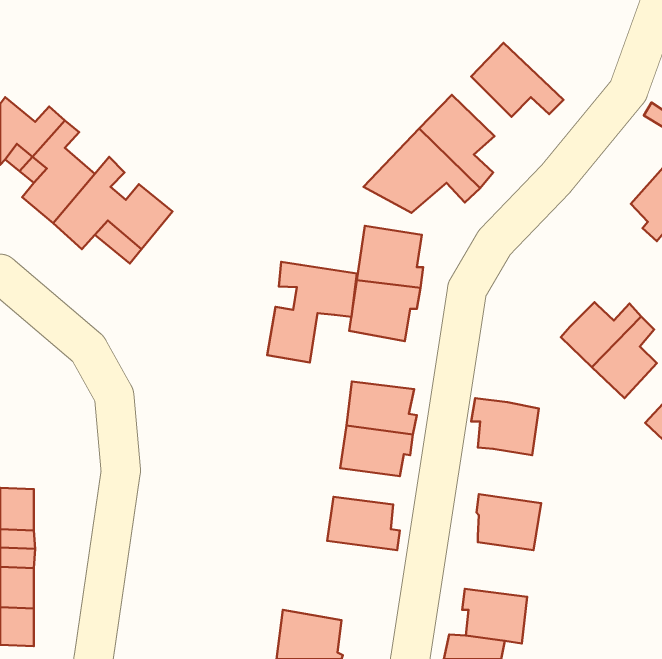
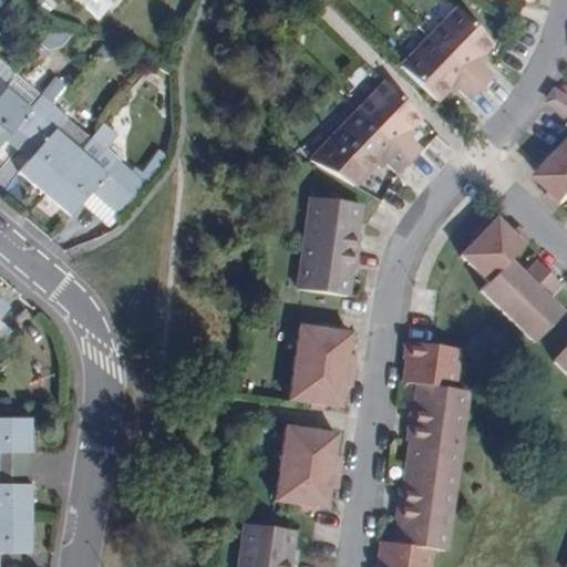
building: none -> [431,9,495,85]
building: none -> [463,218,532,279]
building: [267,262,357,362] -> none
building: none -> [410,383,468,430]
building: none -> [275,462,340,505]
building: none -> [398,463,456,509]

